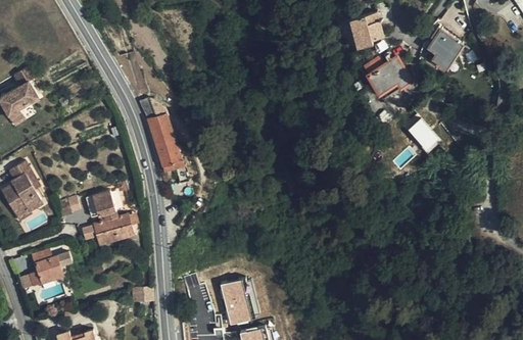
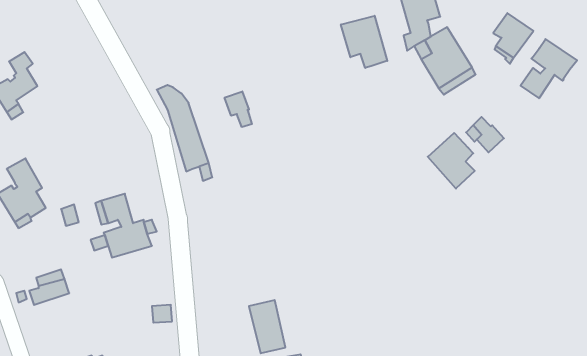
building: none -> [341,16,387,68]
building: none -> [521,39,577,98]
building: none -> [225,91,252,127]
building: none -> [428,133,475,189]

